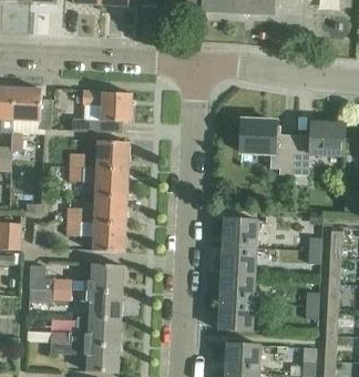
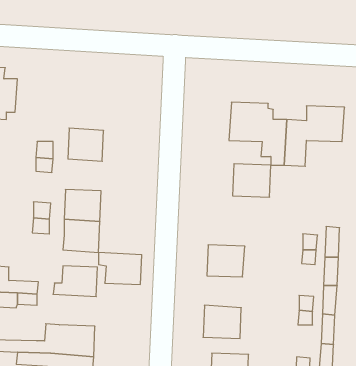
building: [71,92,131,133] -> none
building: [94,169,127,197] -> none
building: [223,217,257,247] -> [233,164,271,197]
building: [219,274,254,303] -> none
building: [83,291,122,319] -> [99,252,142,284]

